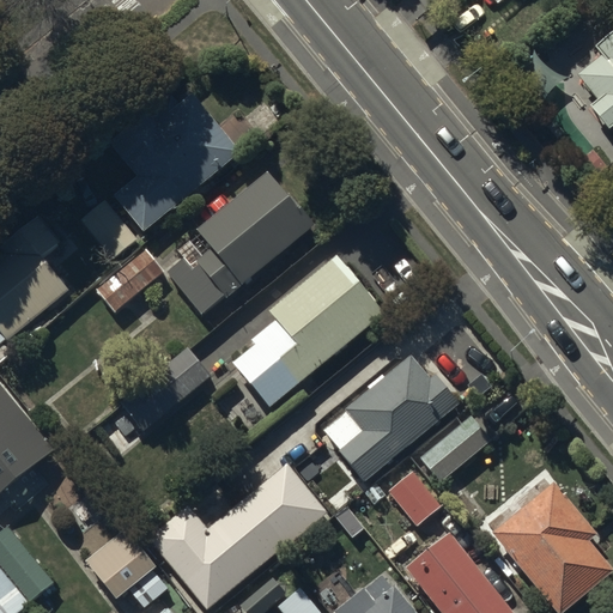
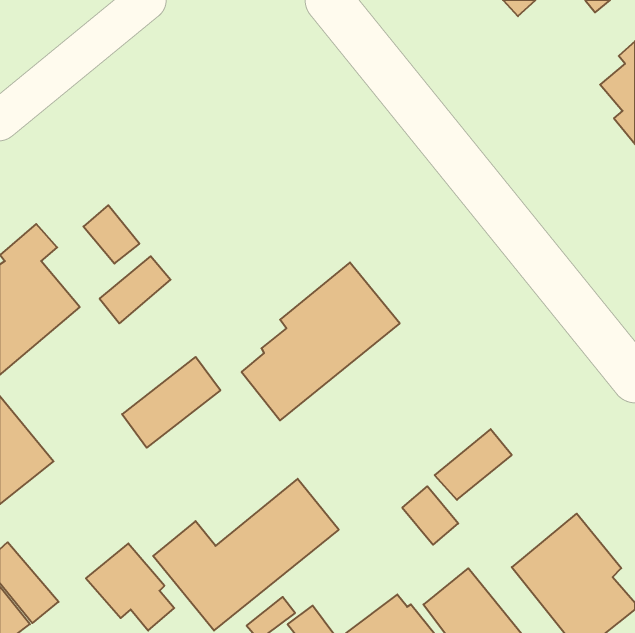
building: [109,91,239,229] -> none
building: [166,168,315,314] -> none
building: [322,353,457,481] -> none

